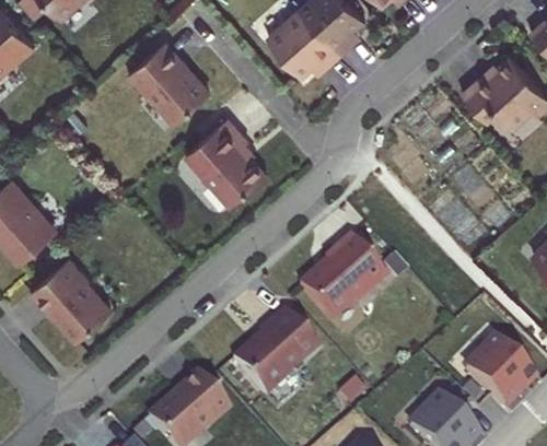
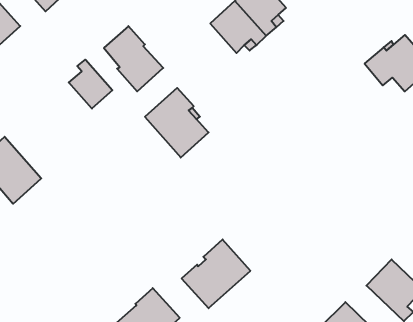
building: none -> [69,60,112,109]
building: [301,237,387,321] -> none
building: [33,259,113,341] -> none

